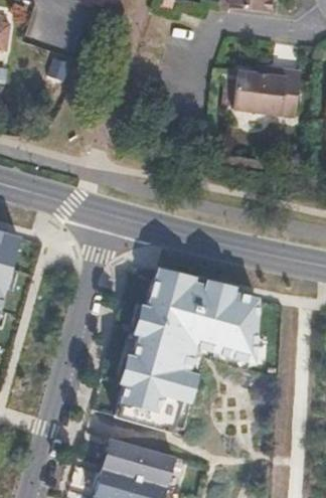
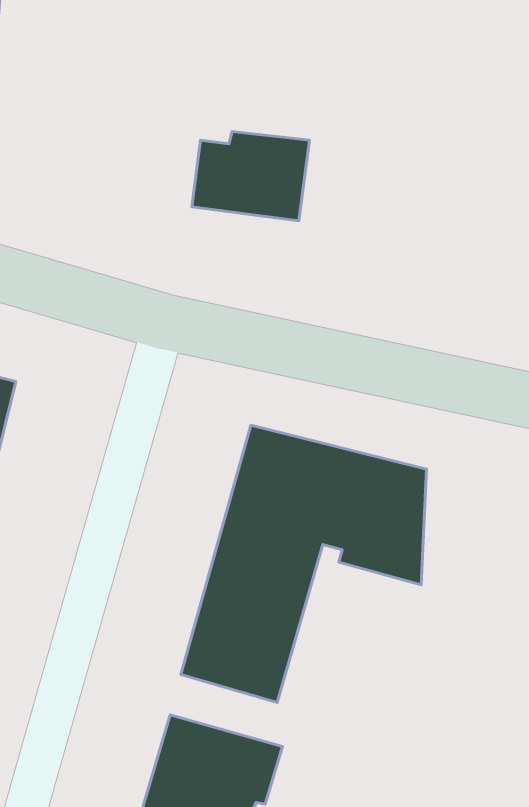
building: [228,62,296,114] -> [192,131,309,221]

